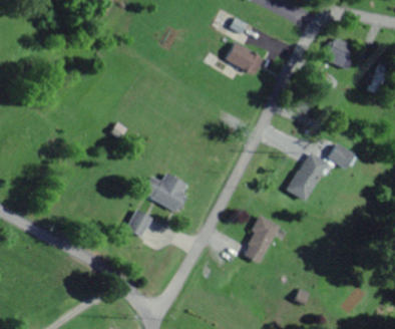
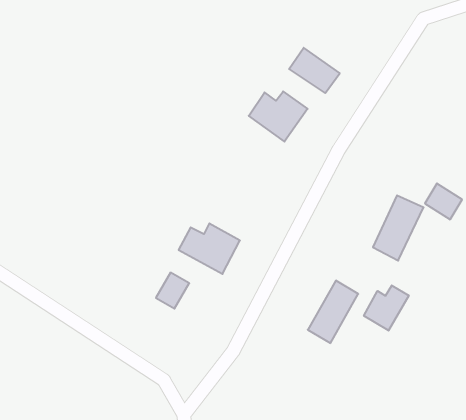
building: [328,39,351,66] -> none
building: none -> [249,91,308,142]
building: none -> [364,285,409,331]

